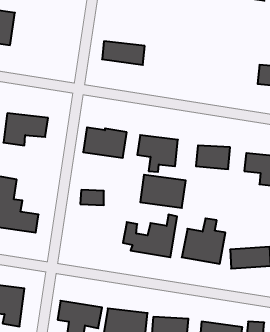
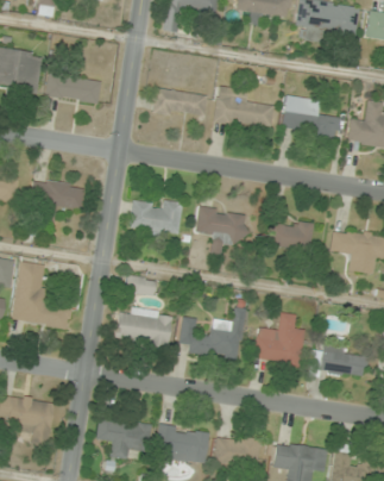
building: none -> [48,74,101,102]
building: none -> [214,86,275,130]
building: none -> [282,95,341,139]
building: [140,175,186,208] -> [115,307,172,349]

